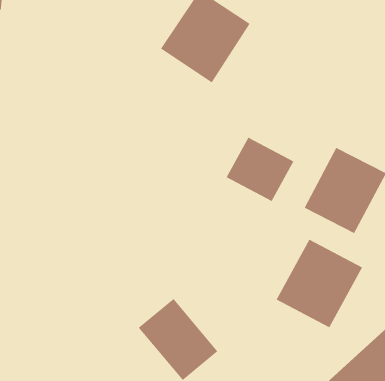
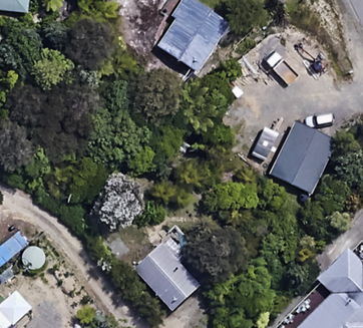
building: [226,137,294,202] -> none
building: [276,239,363,328] -> none

